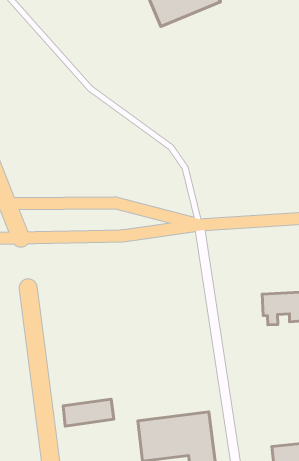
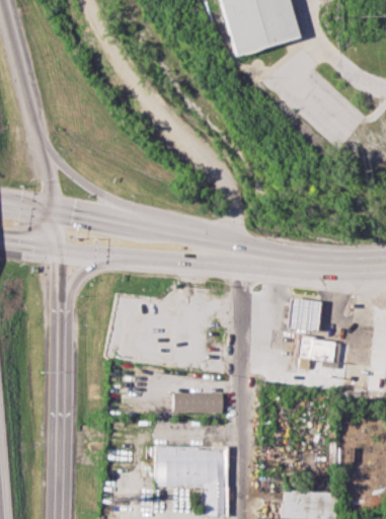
building: none -> [287,297,320,331]
building: [63,399,114,426] -> [173,392,223,413]

